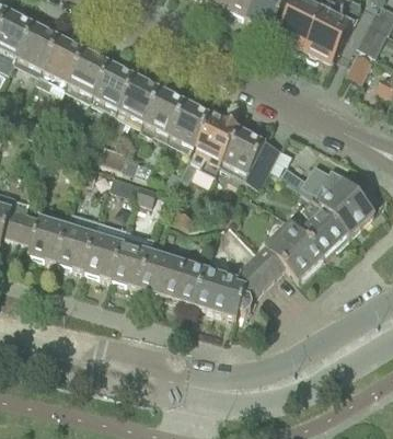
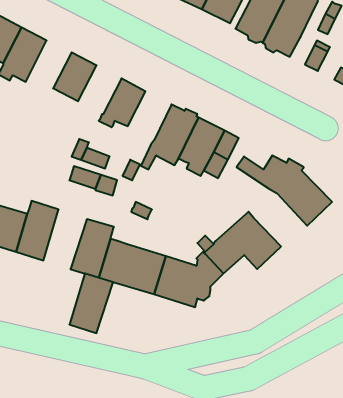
building: [69,49,112,97] -> none
building: [118,74,162,124] -> none
building: [169,101,212,150] -> none
building: [296,199,349,257] -> none
building: [83,220,127,280] -> [69,273,113,333]

